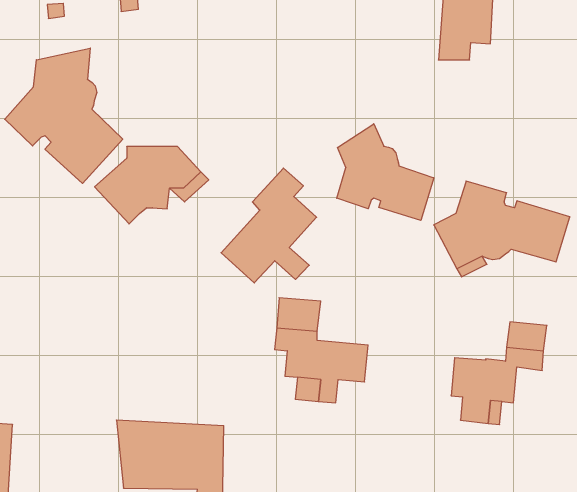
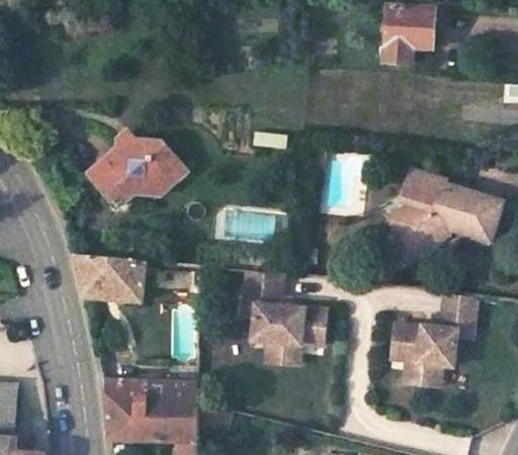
building: [5,48,123,183] -> none
building: [337,124,434,220] -> none
building: [221,168,317,283] -> none
building: none -> [76,254,142,299]

